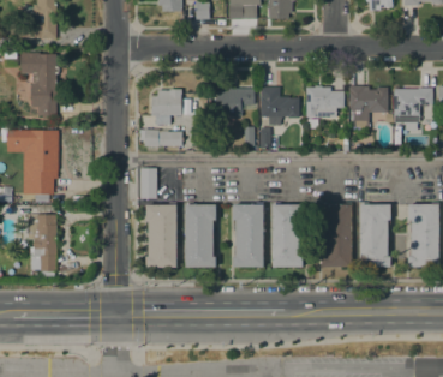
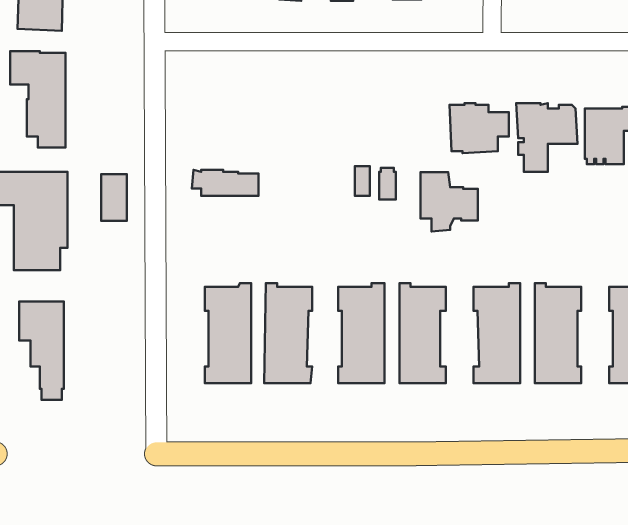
building: [261,86,298,125] -> [420,172,478,232]
building: [216,88,253,116] -> none
building: [151,89,181,124] -> none
building: [139,168,156,198] -> [101,174,127,221]

